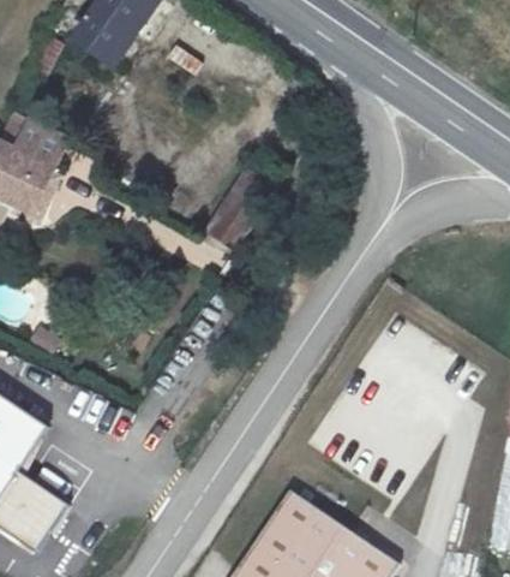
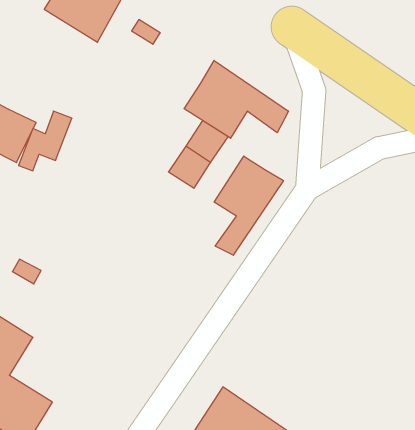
building: none -> [184,60,289,138]
building: [22,125,68,171] -> none
building: none -> [214,156,283,255]

